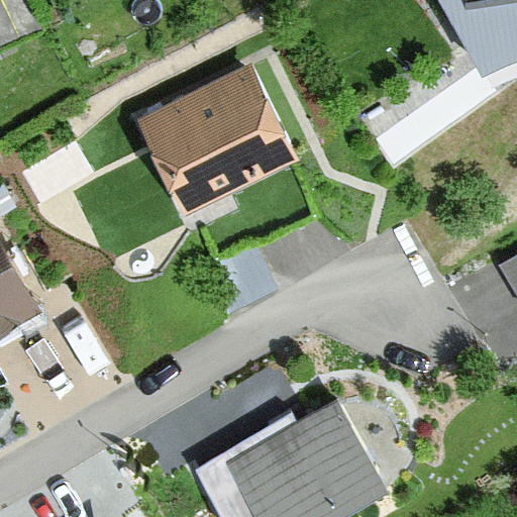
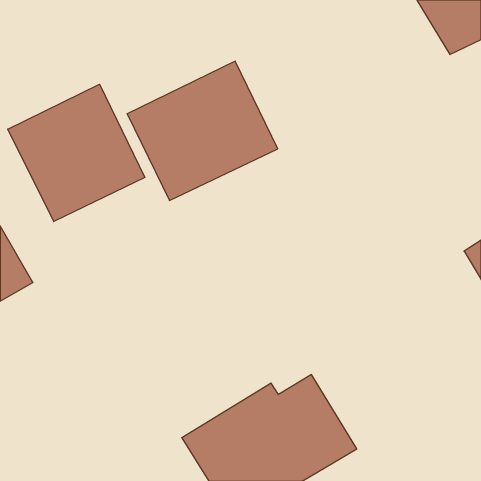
building: none -> [8,84,145,222]

